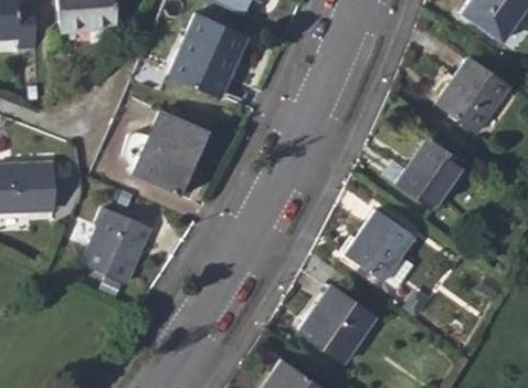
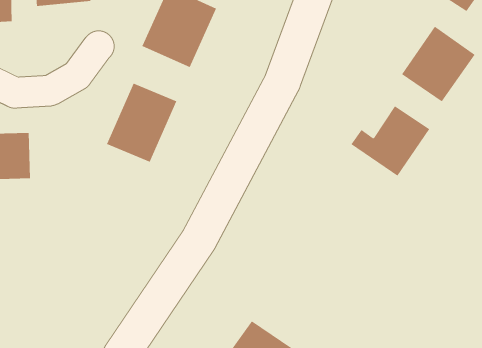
building: [82,208,150,283] -> none
building: [345,208,416,290] -> none
building: [299,284,378,363] -> none

